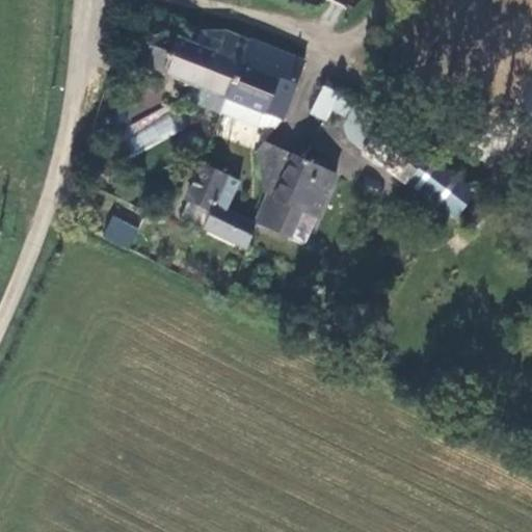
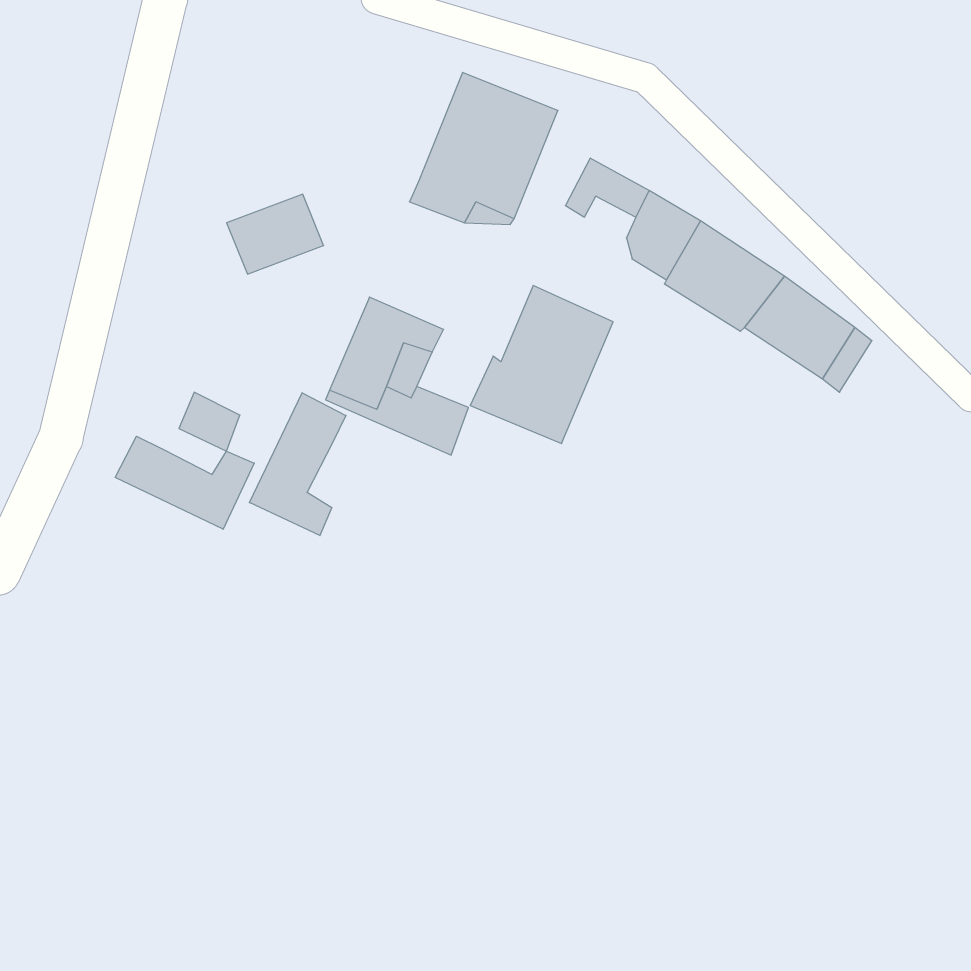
building: [148,27,252,99] -> none
building: [257,143,291,197] -> none
building: none -> [249,393,346,536]
building: none -> [115,436,254,529]

